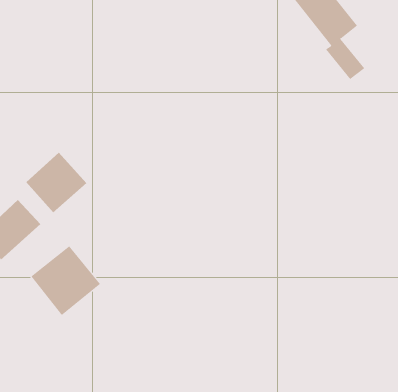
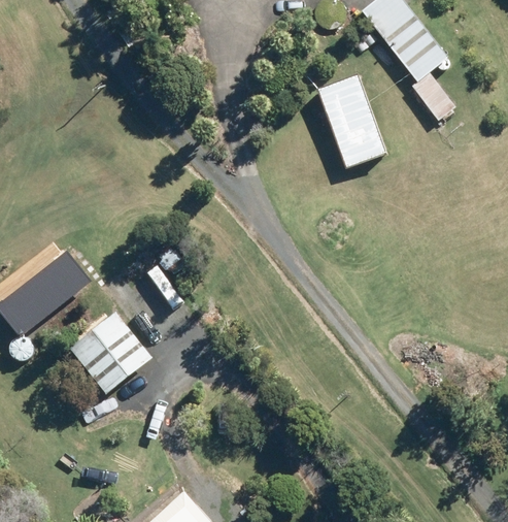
building: none -> [316,75,384,168]
building: [25,152,87,213] -> none

